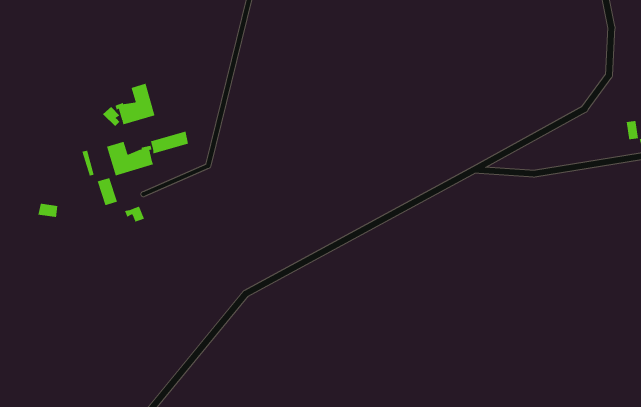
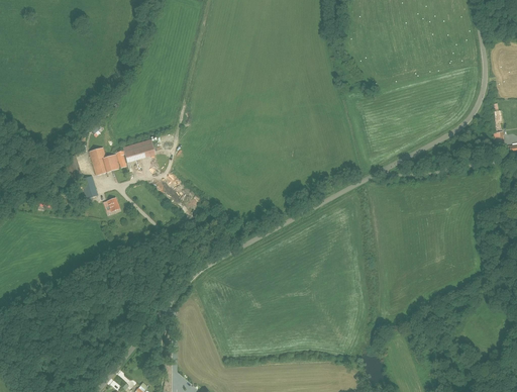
building: [115,83,155,125] -> none

